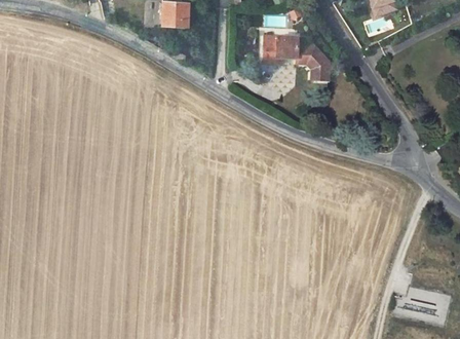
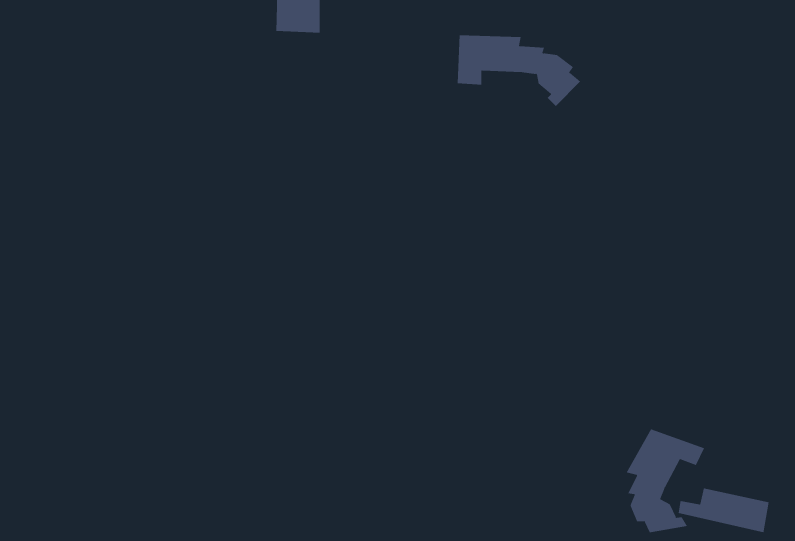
building: none -> [626,428,705,533]

